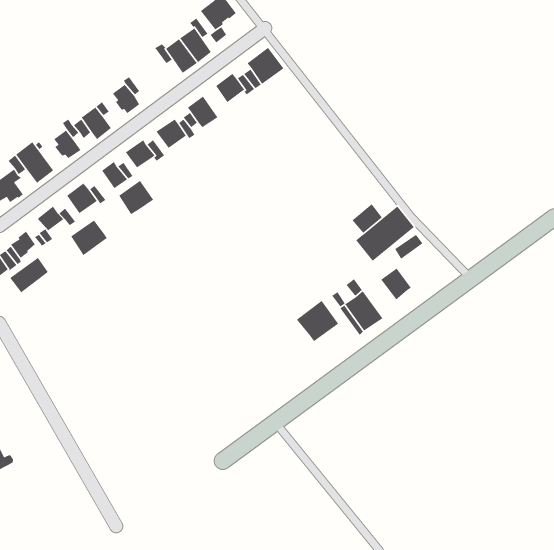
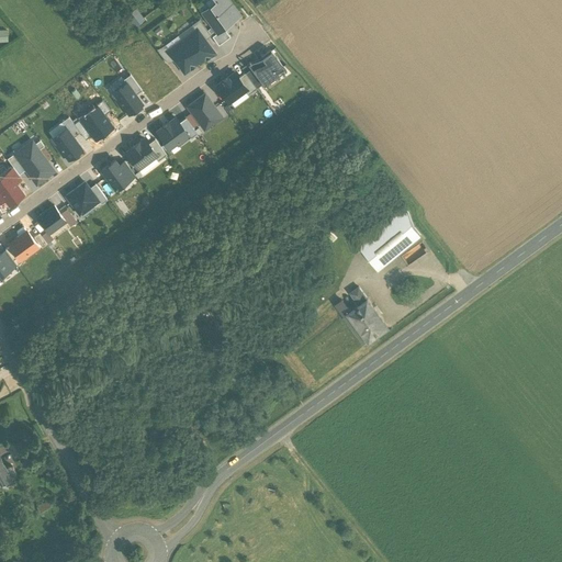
building: [118,180,154,215] -> none
building: [352,203,383,234] -> none
building: [70,219,108,256] -> none
building: [9,257,49,294] -> none
building: [380,267,412,301] -> none
building: [296,300,339,342] -> none

